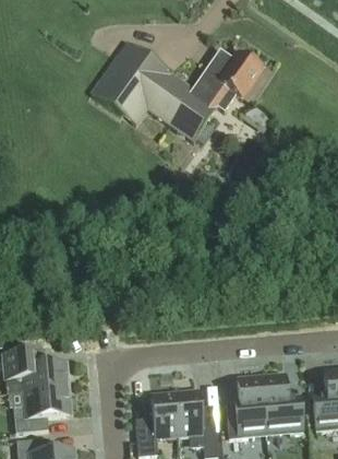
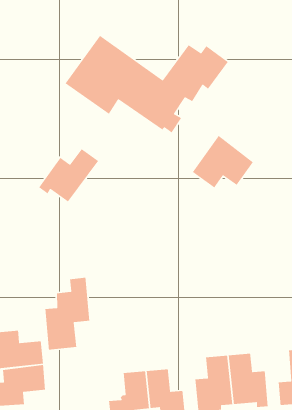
building: none -> [192,135,254,188]
building: none -> [38,148,99,203]
building: none -> [45,277,90,350]

